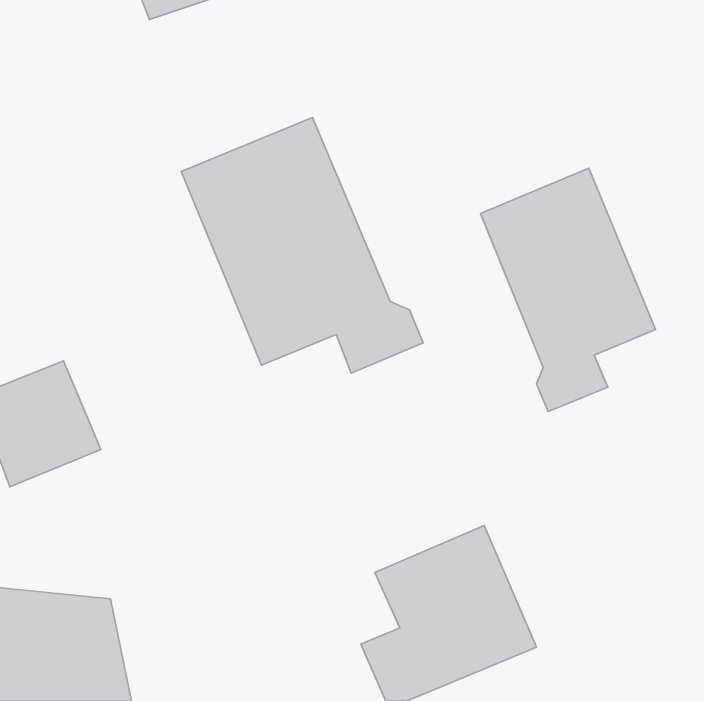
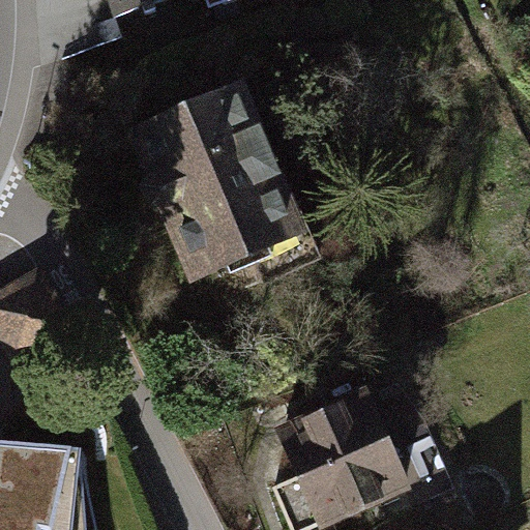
building: [480,168,656,411] -> none

